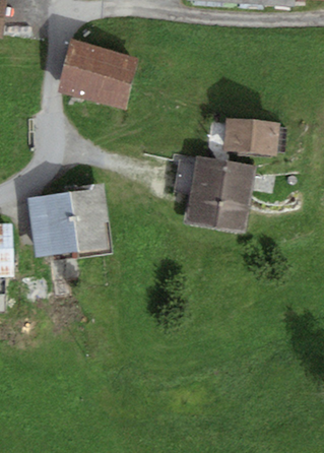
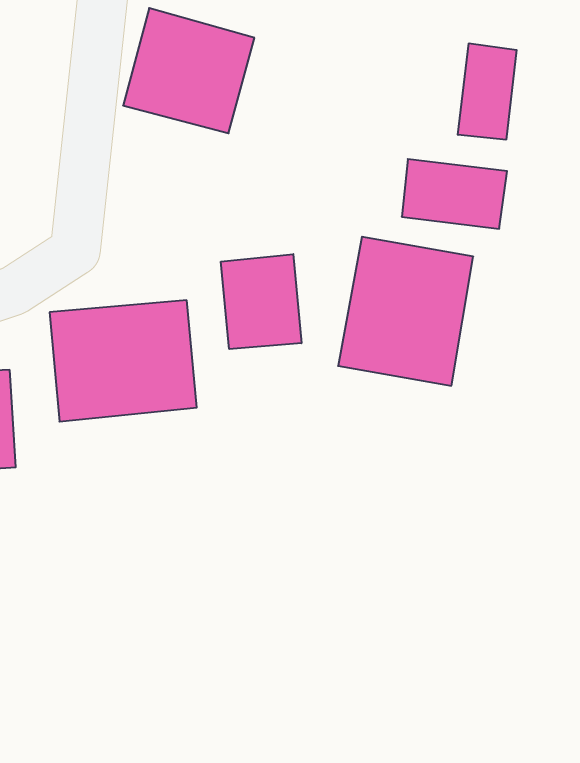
building: none -> [458,43,517,140]
building: none -> [221,254,301,349]

